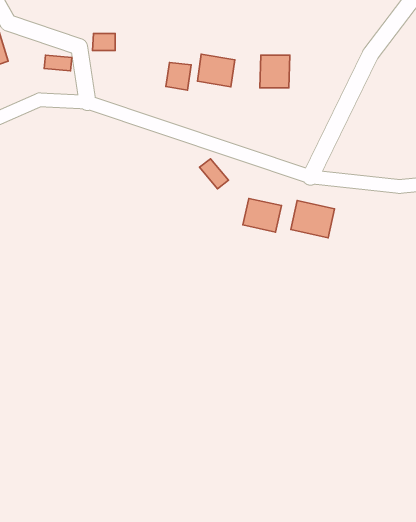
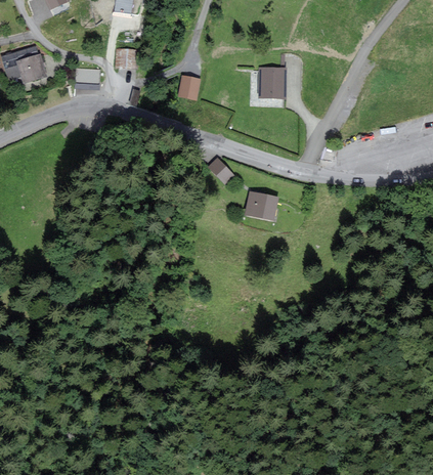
building: [197,54,235,87] -> none
building: [291,200,334,238] -> none

